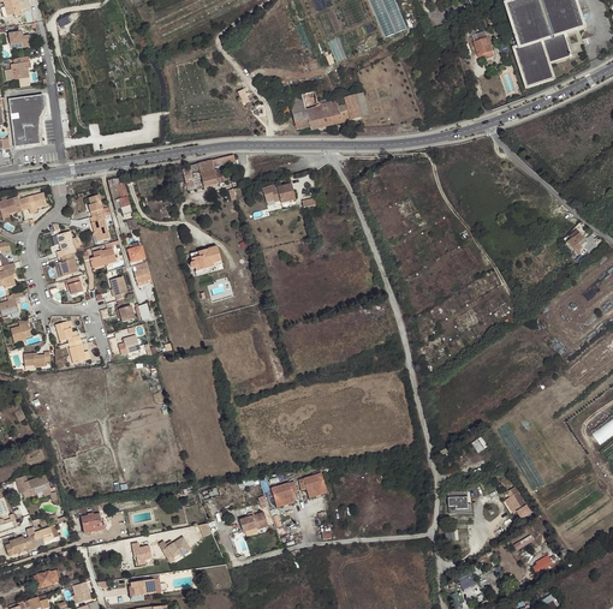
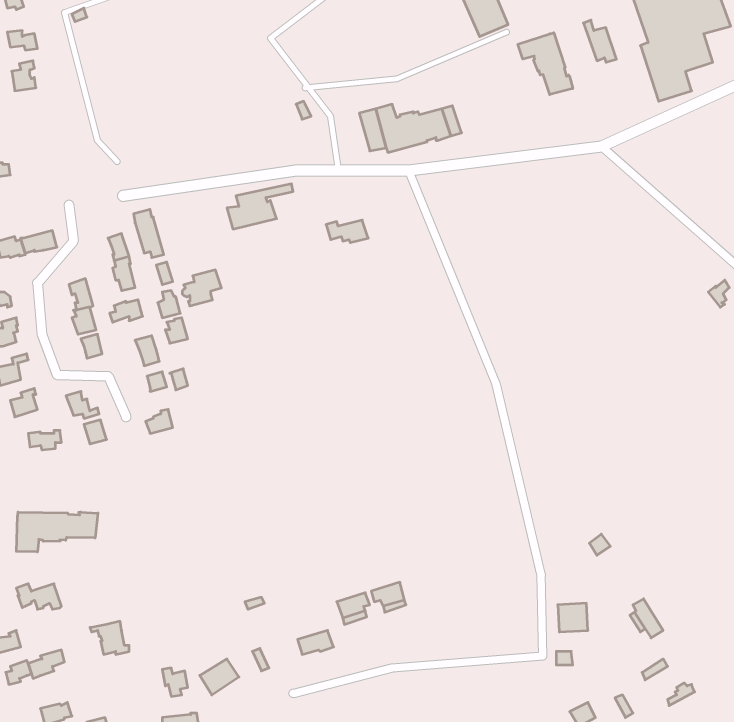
building: none -> [518,33,573,95]
building: [7,95,43,148] -> none
building: [189,246,220,275] -> [182,270,221,306]
building: none -> [16,512,98,552]

